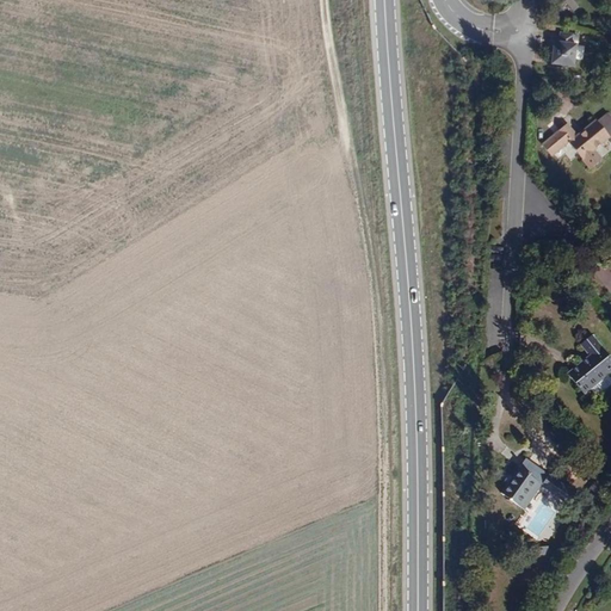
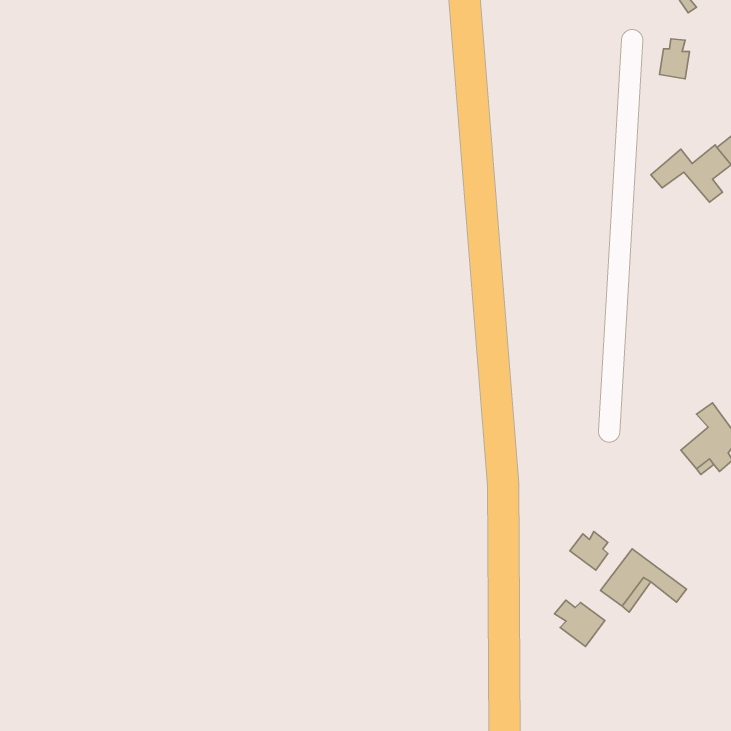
building: none -> [570,532,608,570]
building: none -> [555,600,605,647]

